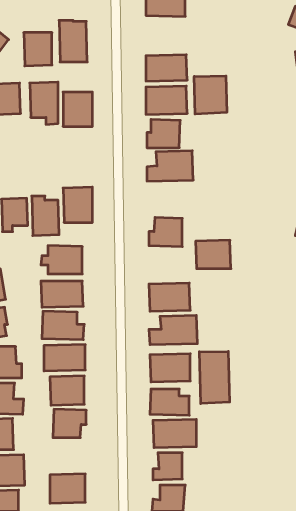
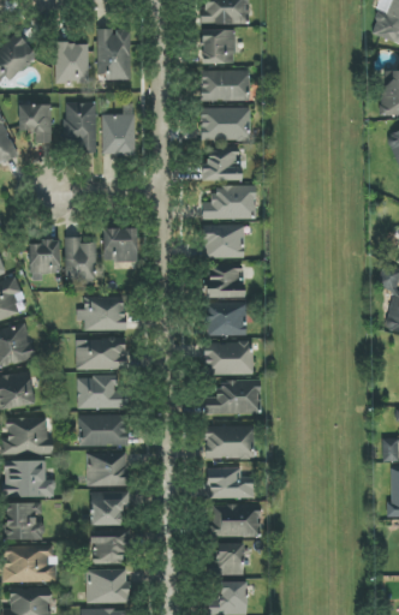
building: none -> [201,29,234,64]
building: [194,76,227,114] -> none
building: none -> [203,223,245,258]
building: [196,240,231,269] -> [206,301,248,335]
building: [199,351,230,404] -> none
building: none -> [90,529,126,563]

